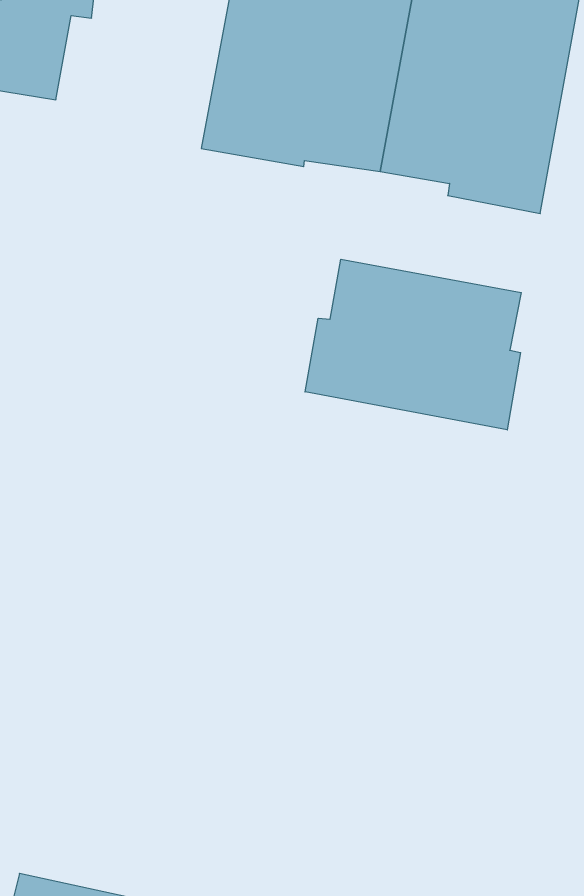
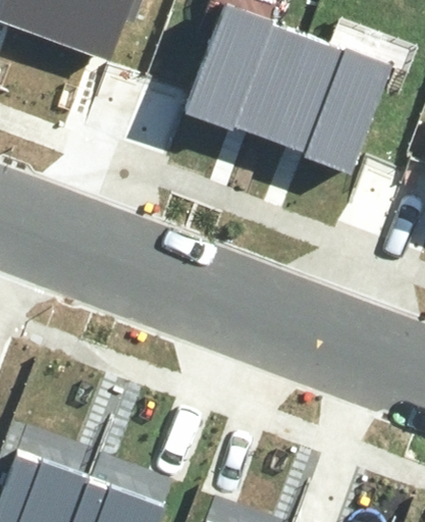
building: [305,259,521,430] -> none

